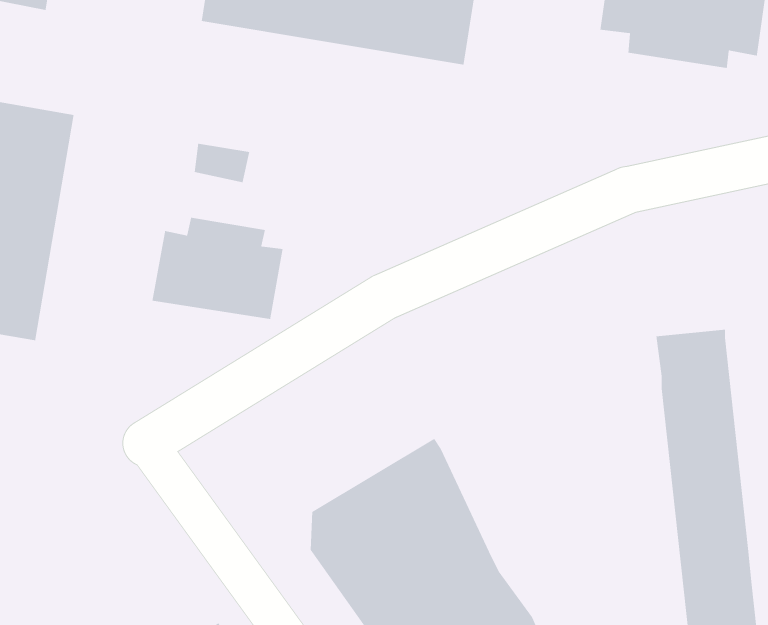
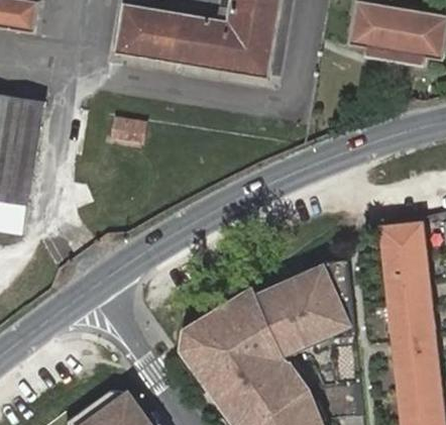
building: [151,217,284,320] -> none
building: none -> [256,261,352,354]

